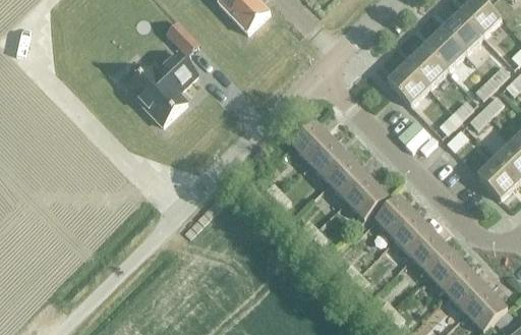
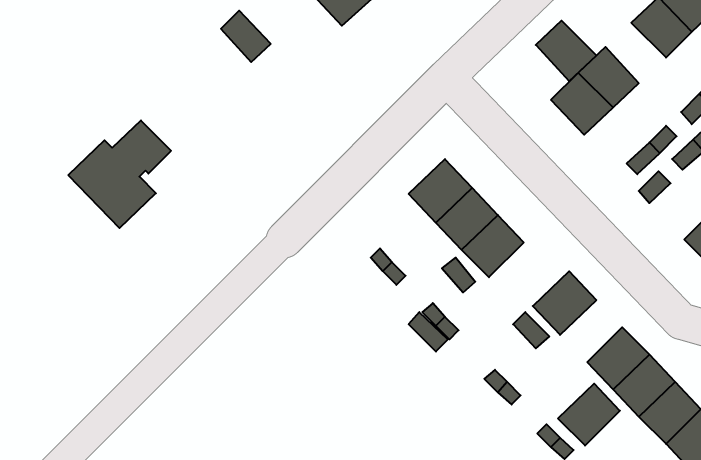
building: [424,29,465,69] -> [536,21,596,81]
building: [128,51,197,123] -> [68,120,171,228]
building: [346,176,388,219] -> none
building: [394,215,436,257] -> [558,384,620,446]

